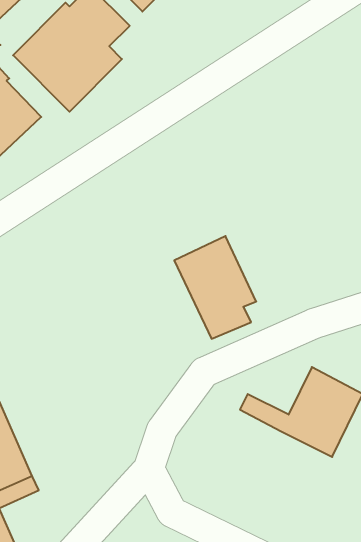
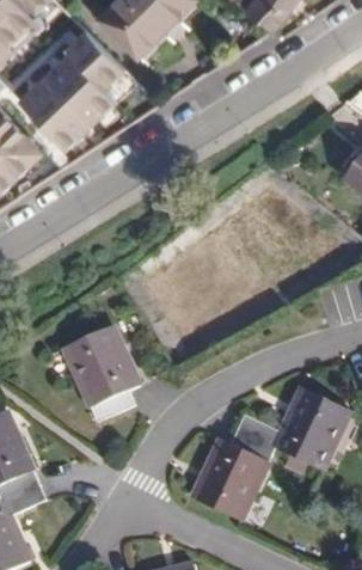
building: [174,236,256,339] -> [61,326,137,422]
building: none -> [185,424,269,520]

